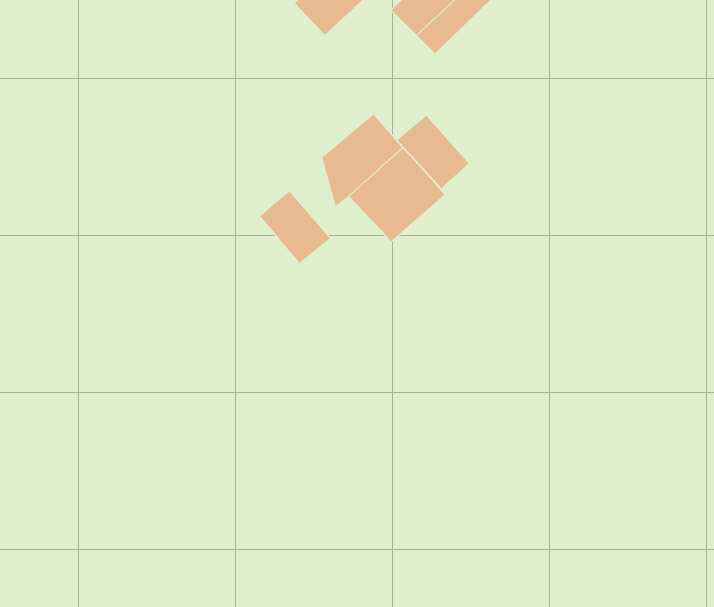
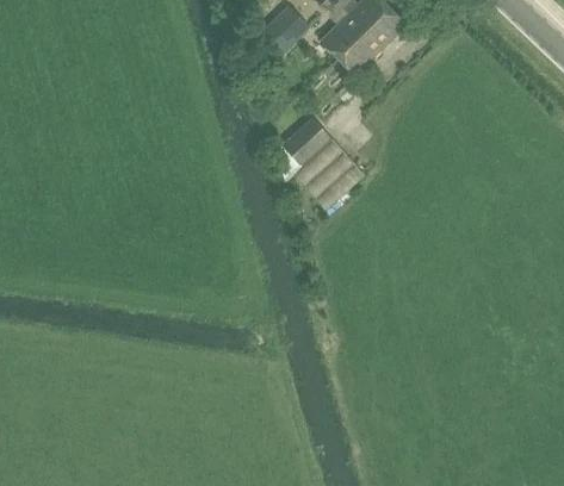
building: [396,115,470,189] -> none
building: [259,190,331,264] -> none

